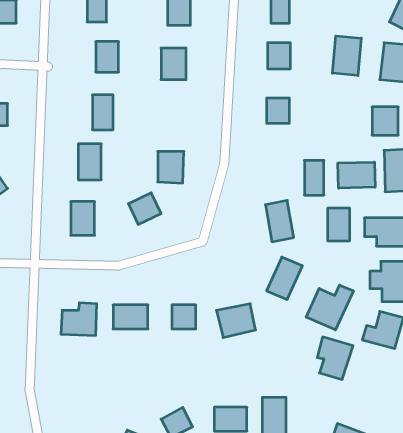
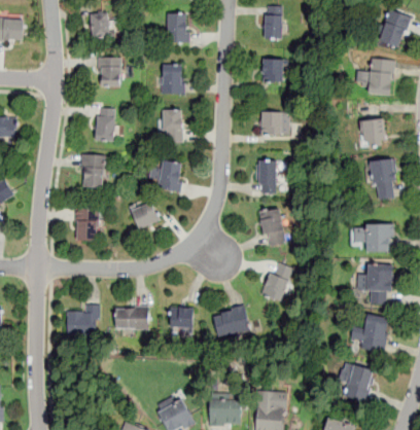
building: [332,36,361,76] -> none
building: none -> [162,110,182,143]
building: [304,160,324,195] -> [257,160,276,193]
building: [338,162,375,188] -> none
building: [328,208,349,241] -> none
building: [306,285,353,330] -> none
building: [317,337,353,379] -> [341,362,375,402]

